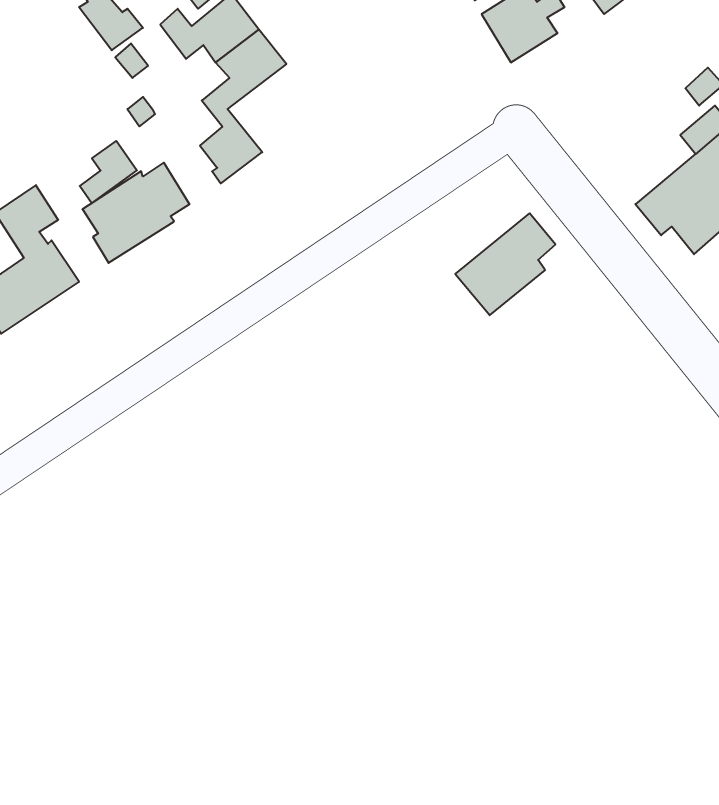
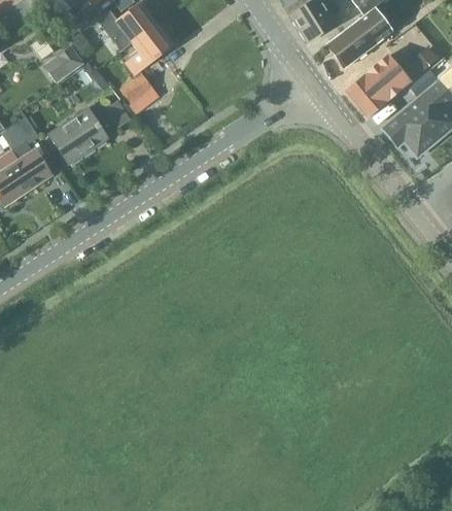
building: none -> [326,9,392,69]
building: [80,141,137,203] -> [50,44,84,81]
building: [455,213,555,315] -> [346,57,406,117]

